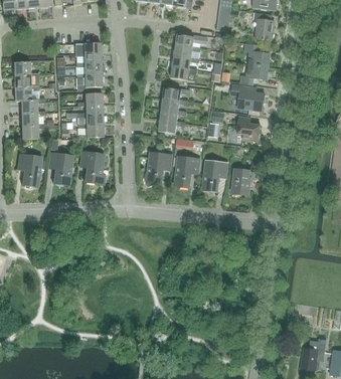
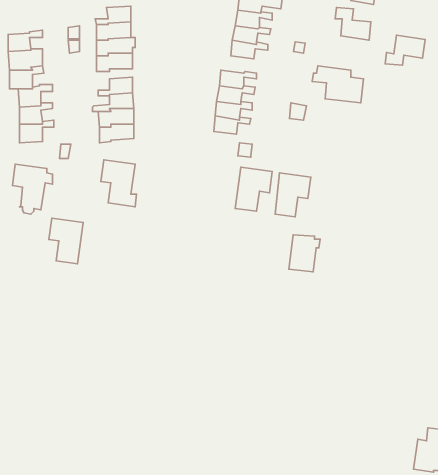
building: [240,63,269,84] -> [385,35,425,65]
building: [236,116,261,142] -> none
building: [48,153,72,185] -> [49,218,83,264]
building: [146,153,172,183] -> none
building: [231,169,253,195] -> [289,235,320,272]

